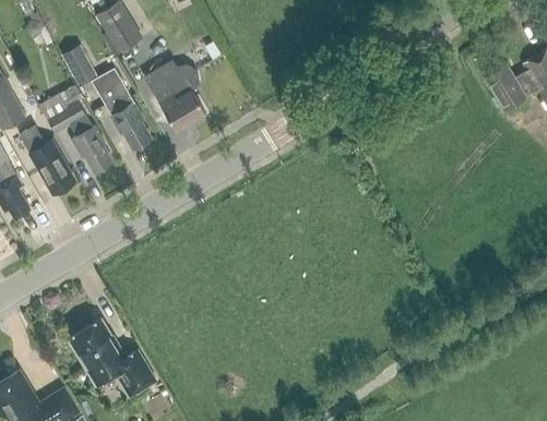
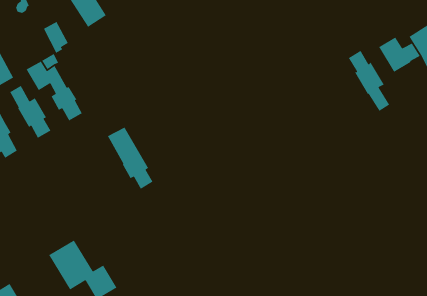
building: [147,65,205,131] -> none
building: [91,68,150,147] -> [107,126,154,190]
building: none -> [348,50,390,112]

